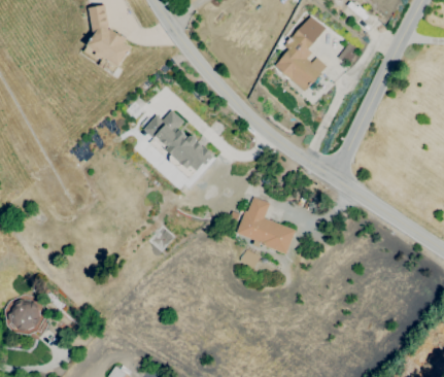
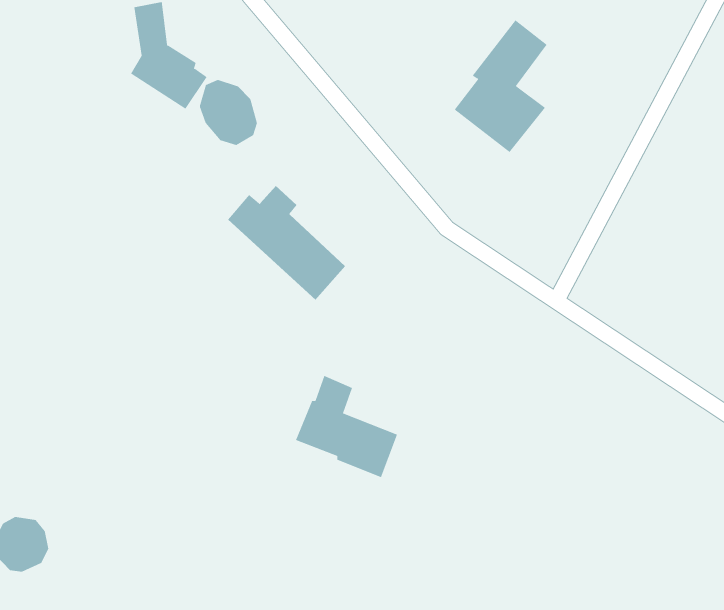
building: none -> [199,79,258,146]
building: [237,196,296,254] -> [295,375,398,478]

